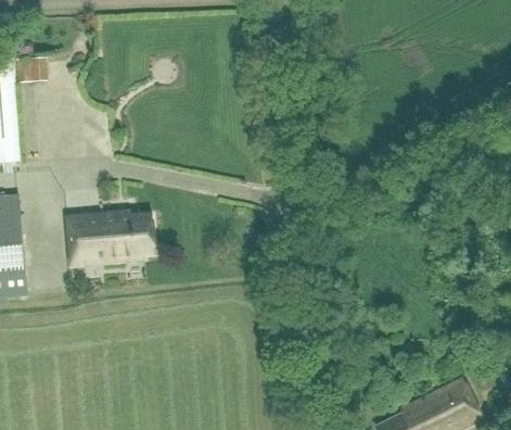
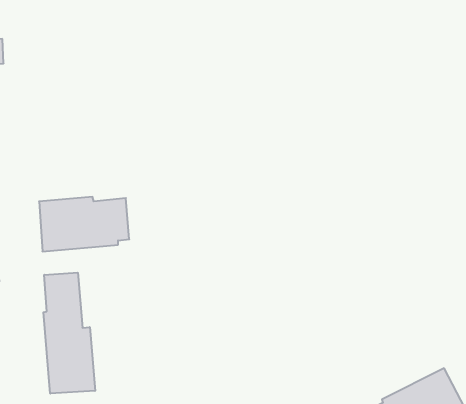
building: none -> [43,273,95,394]

